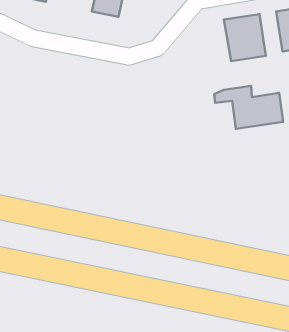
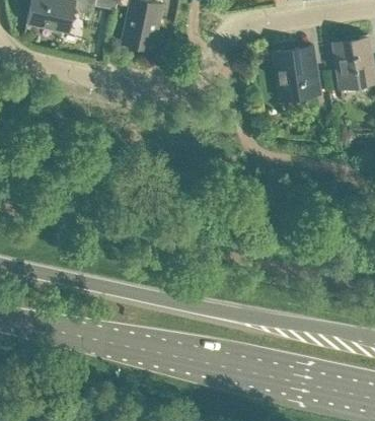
building: [214,86,283,129] -> none

